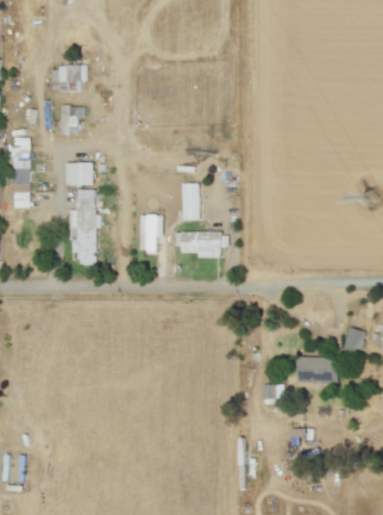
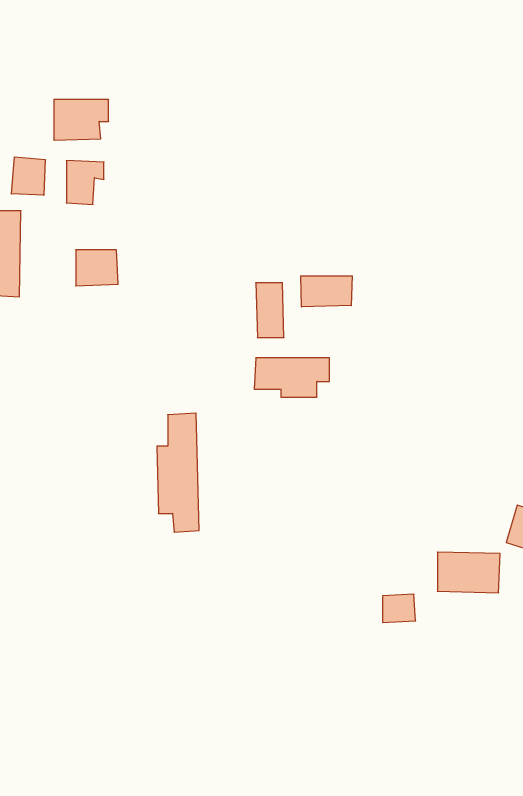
building: none -> [11,157,45,195]
building: none -> [301,276,352,307]
building: [69,189,97,266] -> [157,413,199,532]
building: [140,215,163,251] -> none

